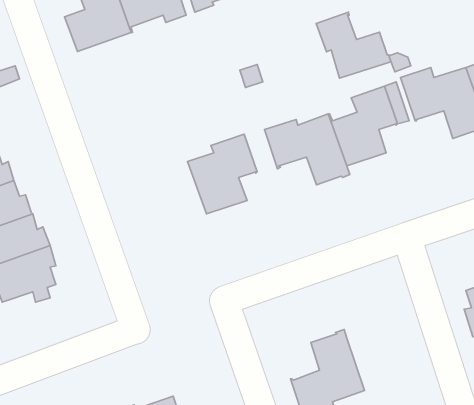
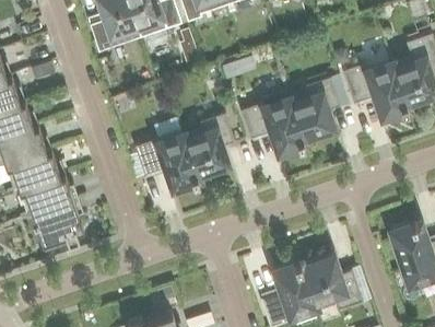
building: [316,12,391,78] -> none
building: none -> [134,135,198,188]
building: none -> [302,258,362,311]

